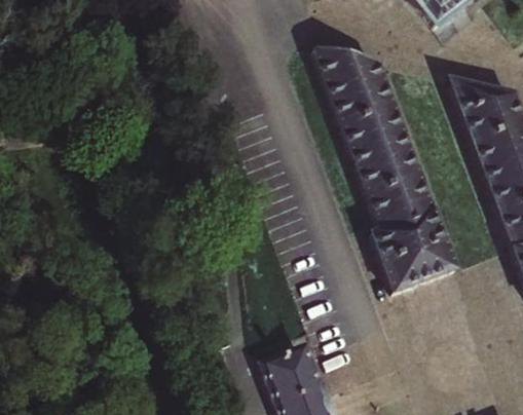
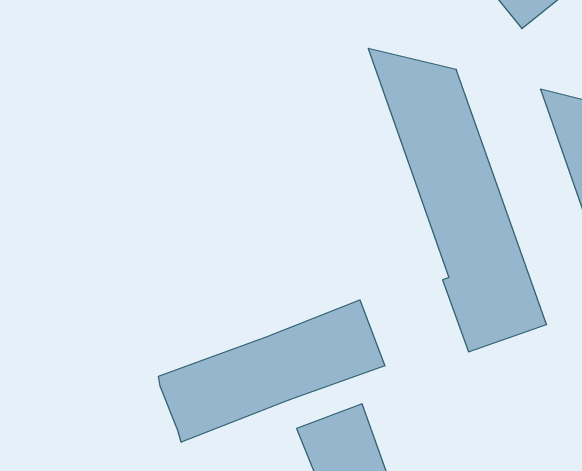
building: none -> [158,300,385,442]

